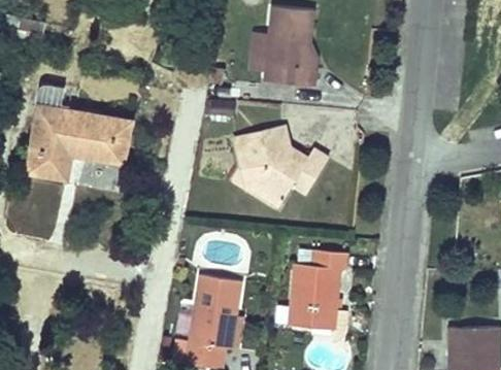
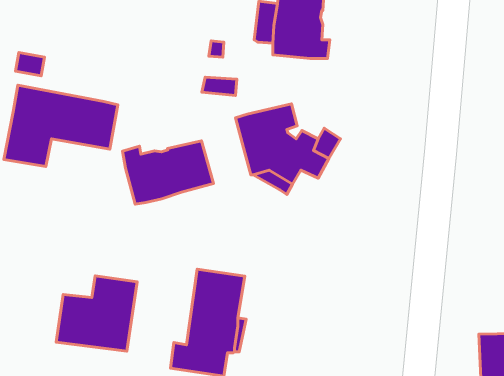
building: none -> [123,141,213,204]
building: [291,247,347,339] -> none
building: none -> [56,276,137,351]

